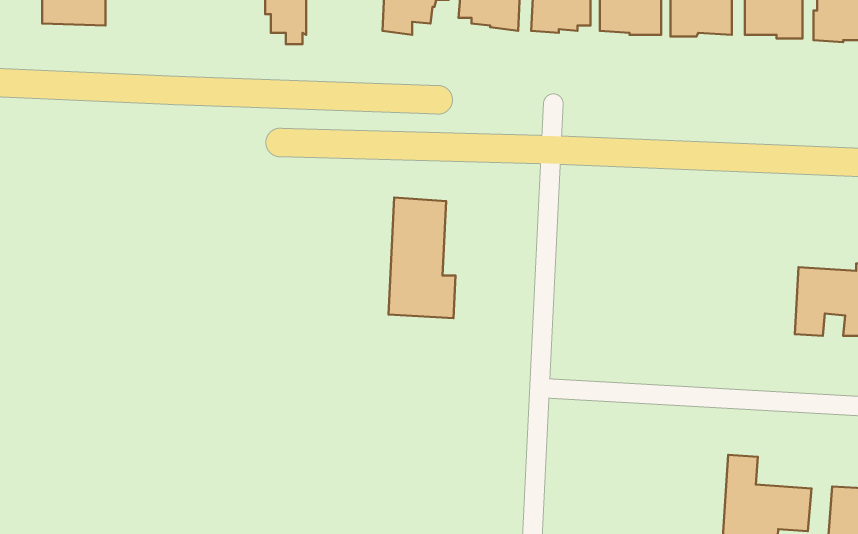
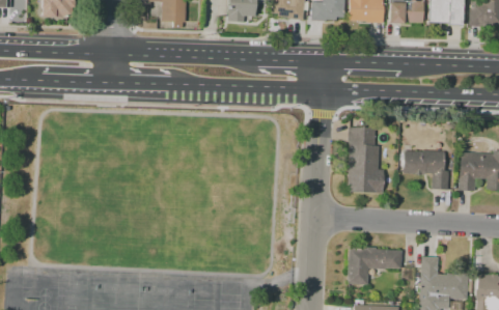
building: [389,197,455,318] -> [344,125,382,193]
building: none -> [403,150,447,189]
building: none -> [348,247,399,284]

